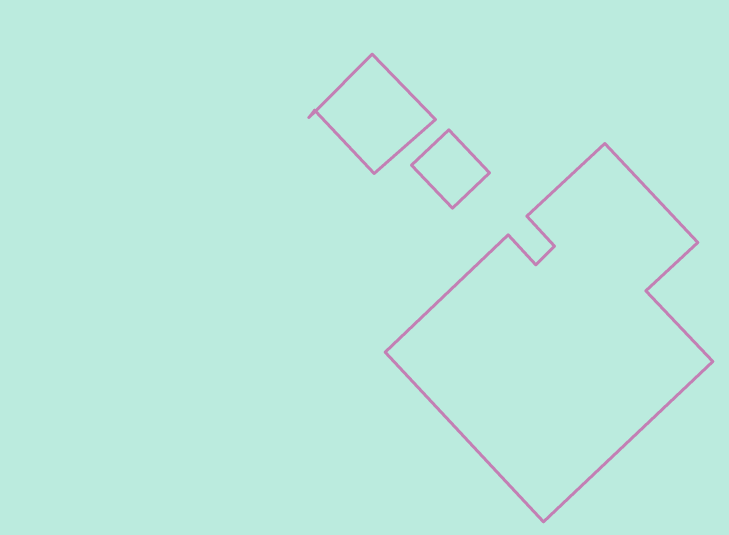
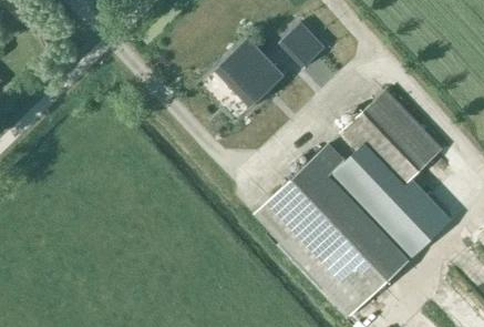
building: [411,130,490,208] -> [278,21,325,68]

